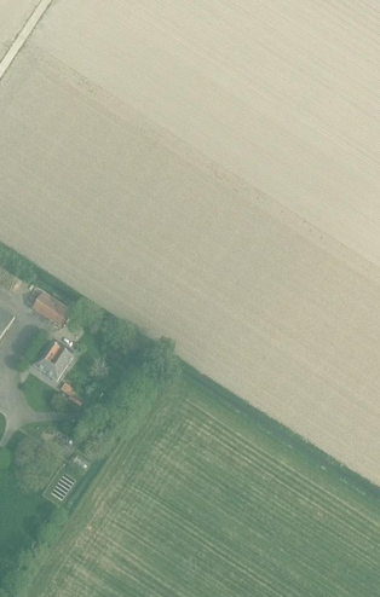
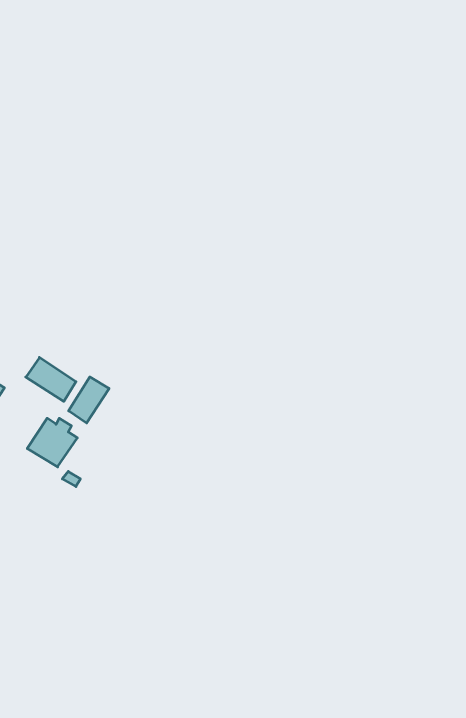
building: none -> [69,377,109,423]

